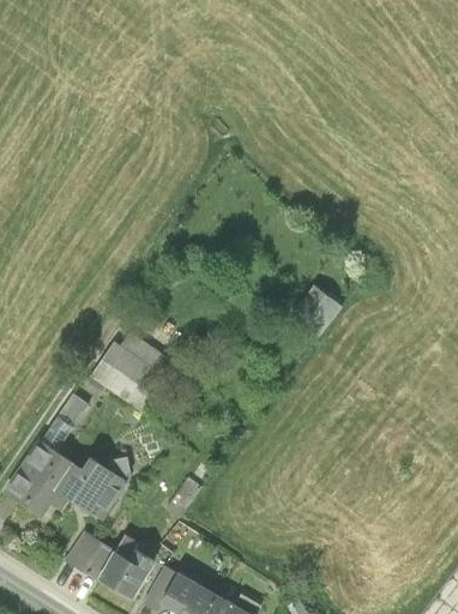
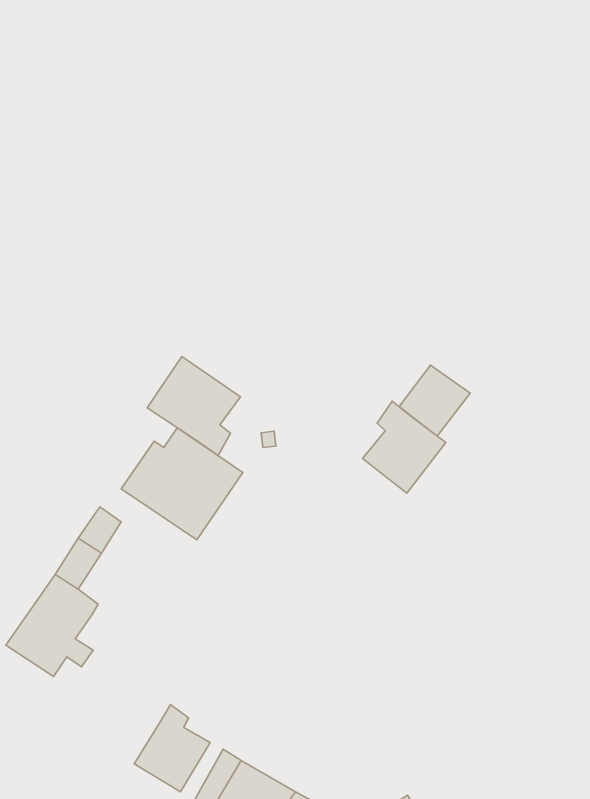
building: none -> [147,357,240,456]
building: none -> [362,401,446,493]
building: [55,455,127,517] -> none
building: [67,529,116,577] -> none

